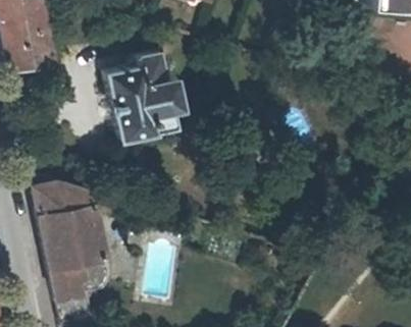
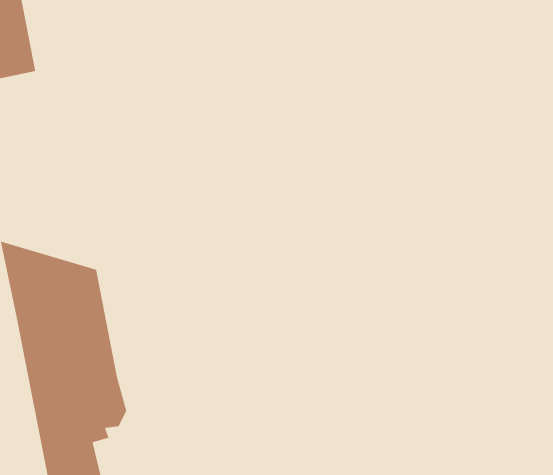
building: [104,53,181,143] -> none

